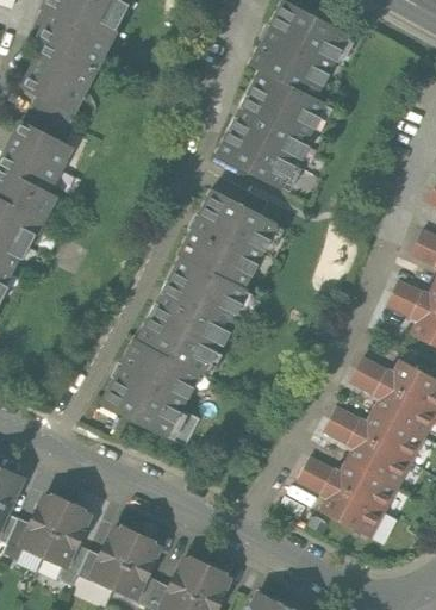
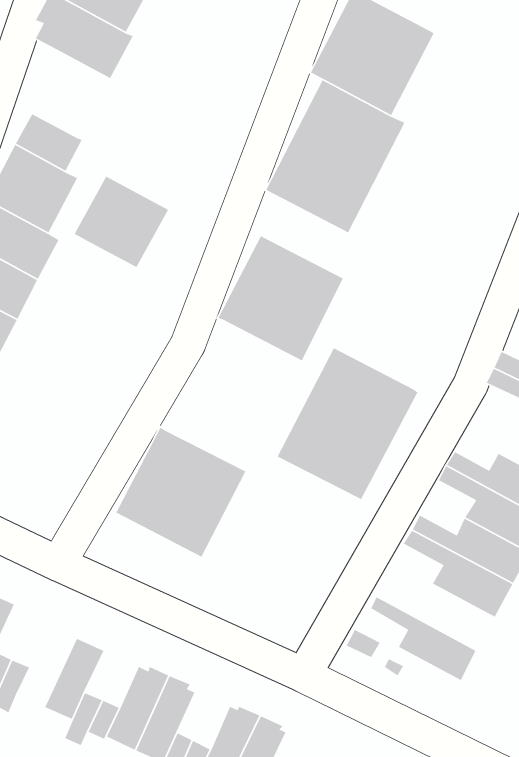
building: [21,45,95,117] -> [74,176,169,268]
building: [137,257,247,375] -> [276,347,419,500]
building: [300,459,392,512] -> none
building: [23,492,69,556] -> none

